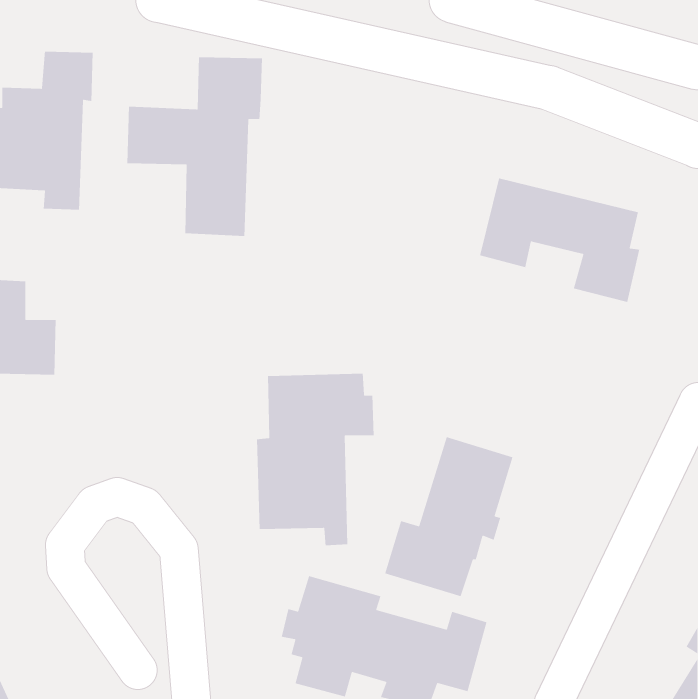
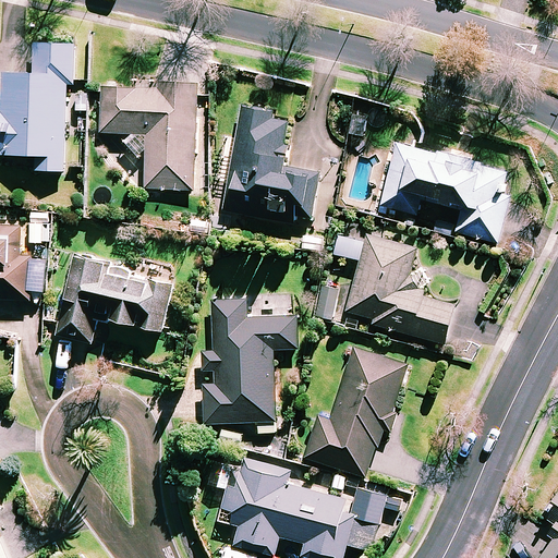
building: none -> [225,107,312,225]
building: none -> [342,234,454,343]
building: none -> [57,253,172,344]

